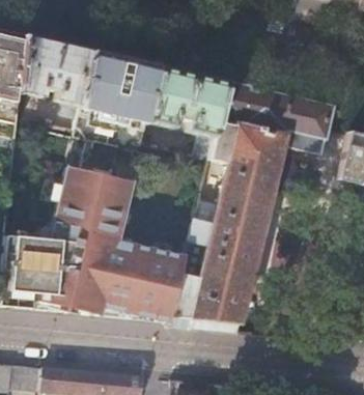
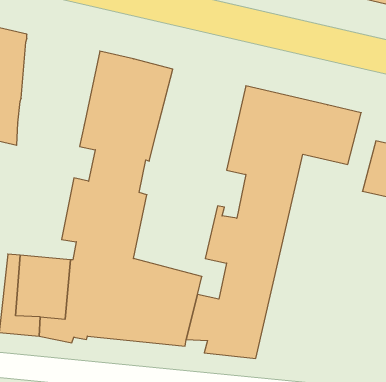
building: [21,33,93,117] -> none
building: [146,65,228,161] -> none

